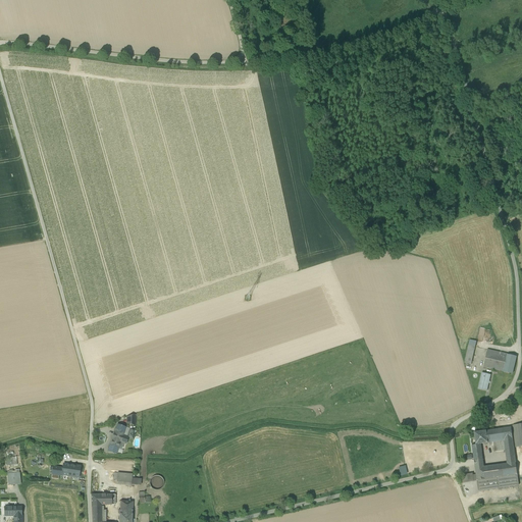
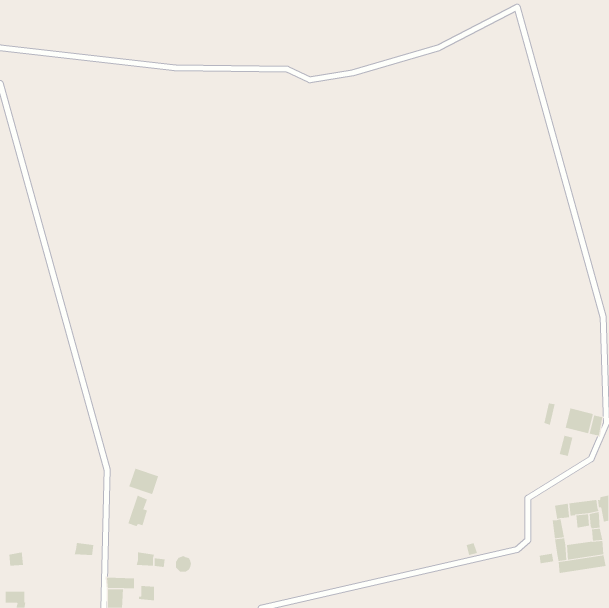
building: none -> [129,468,159,495]

